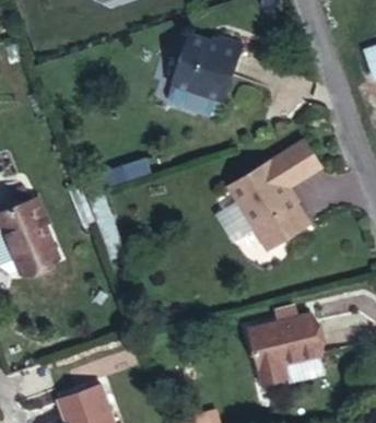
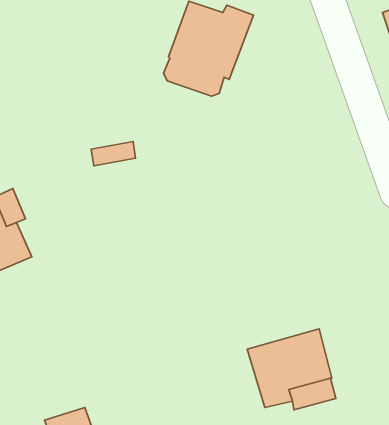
building: [227,143,320,249] -> none

